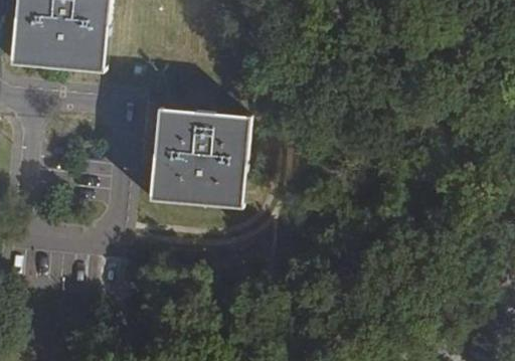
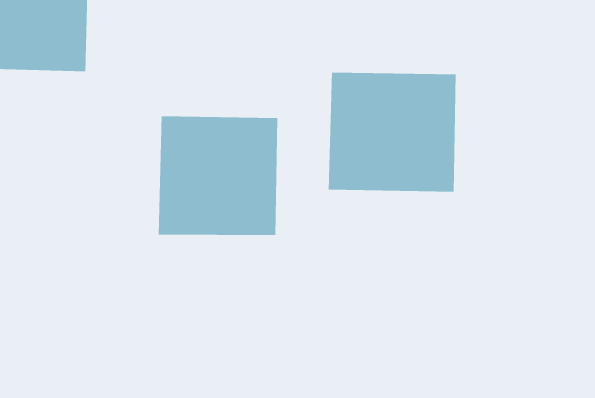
building: none -> [328,72,456,192]

